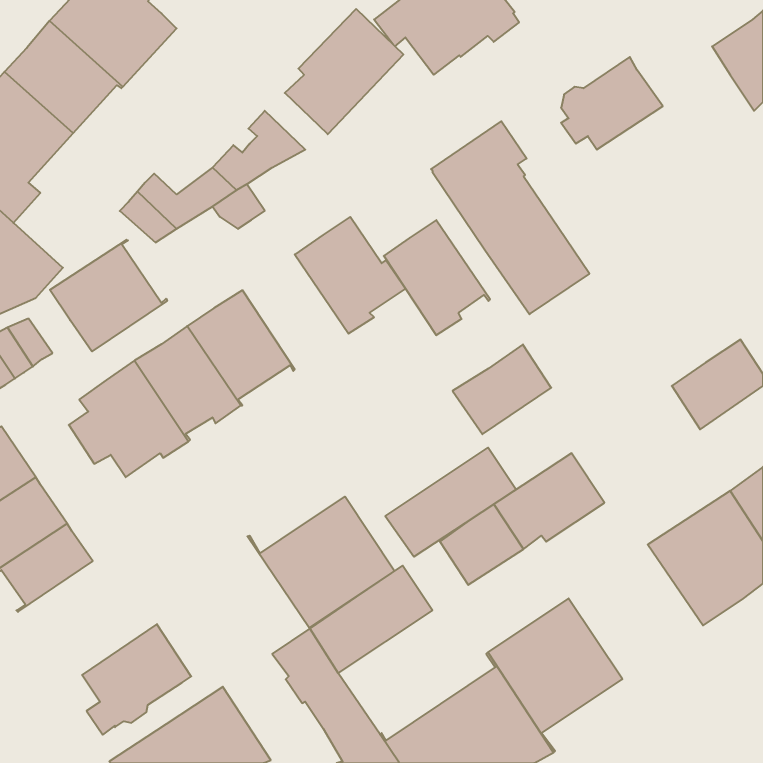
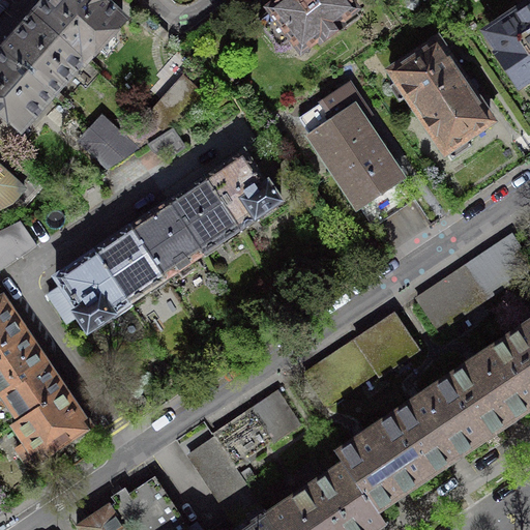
building: [285,9,403,134] -> none
building: none -> [413,73,490,157]
building: [384,220,490,335] -> [168,176,241,256]
building: [50,240,167,351] -> none
building: [453,344,551,434] -> [416,267,484,329]
building: [385,448,516,557] -> none
building: [247,497,395,628] -> none
building: none -> [393,377,487,470]
building: [82,624,191,735] -> [12,388,88,465]

